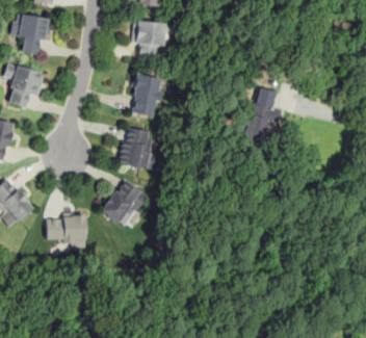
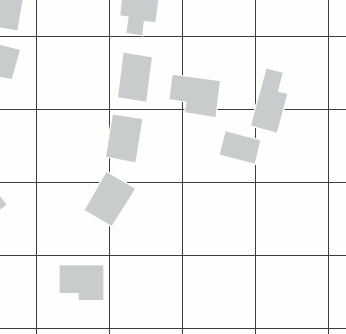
building: none -> [169,74,220,118]
building: none -> [219,131,261,165]
building: [47,215,86,246] -> [59,265,104,301]

